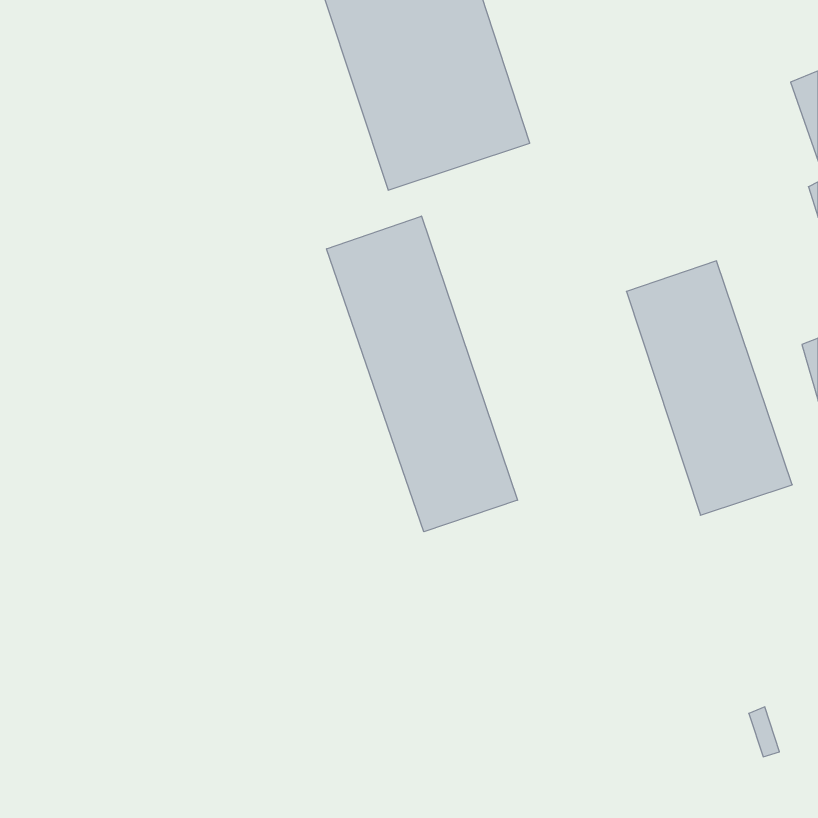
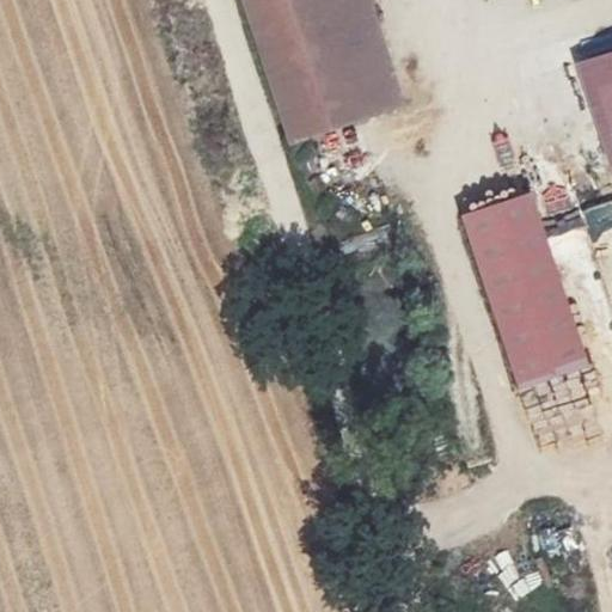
building: [327,216,518,532] -> none

